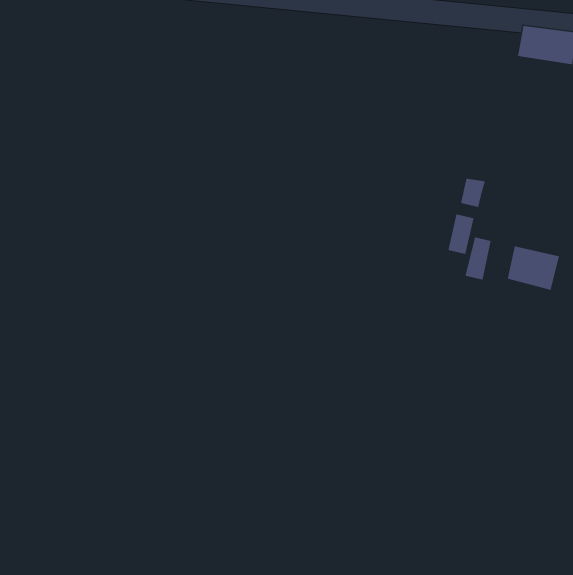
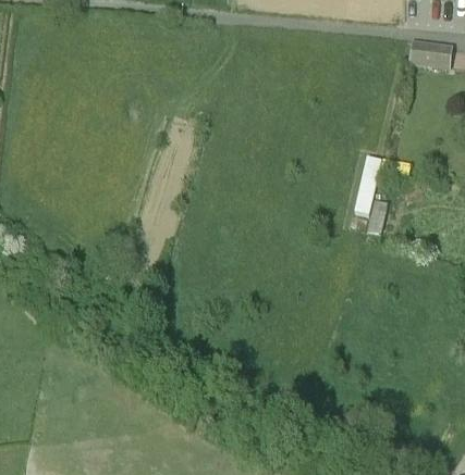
building: [507,245,560,291] -> none

